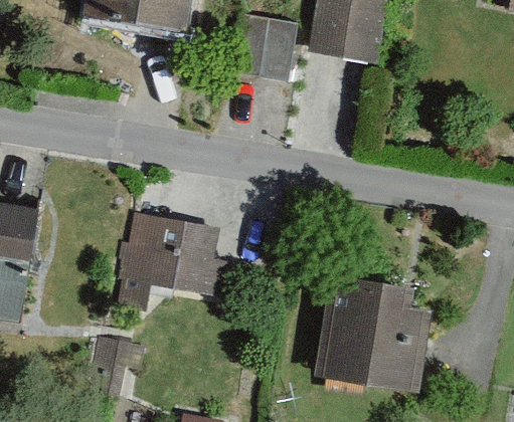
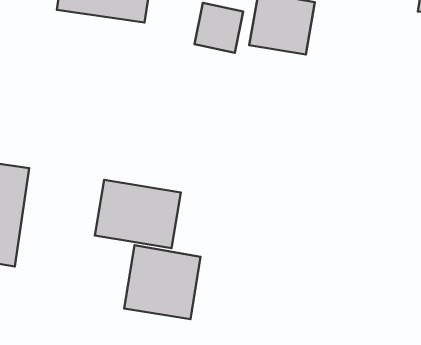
building: [315,282,426,390] -> none
building: none -> [124,245,201,319]

